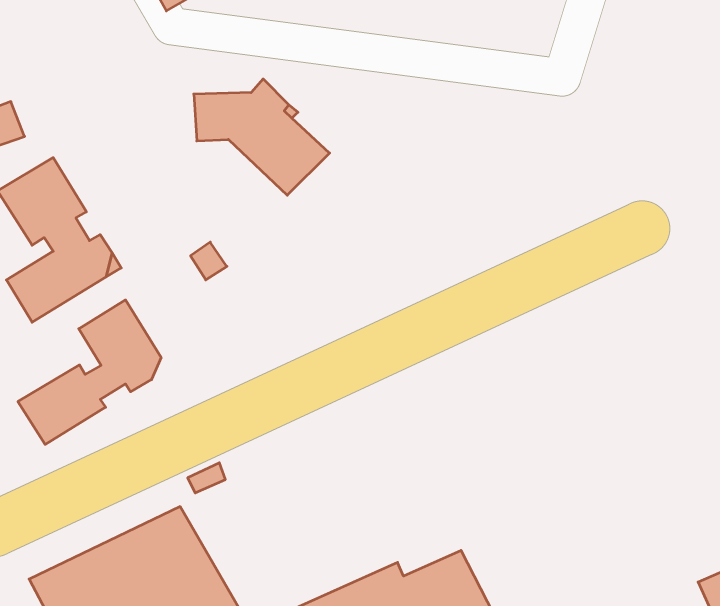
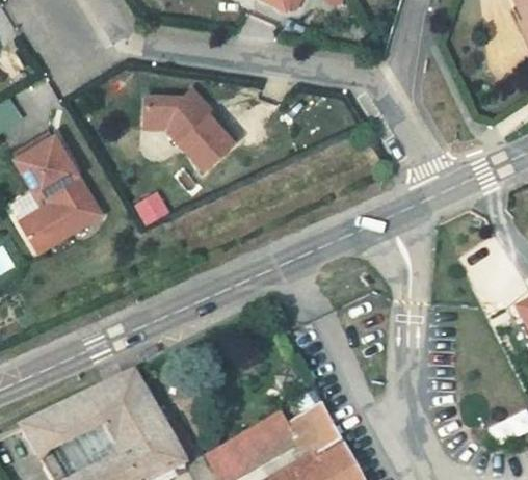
building: [18,300,161,444] -> none

